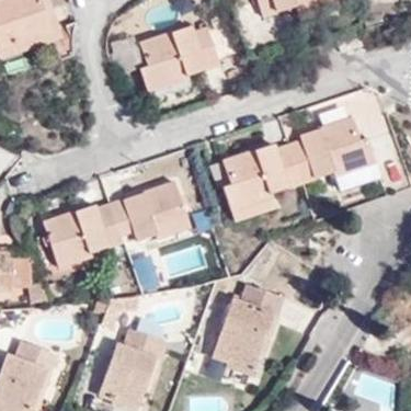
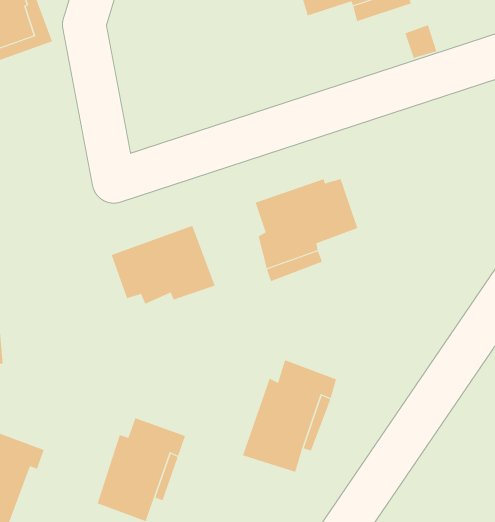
building: [141,25,222,92] -> none
building: [288,117,374,182] -> none
building: [43,203,123,269] -> none

